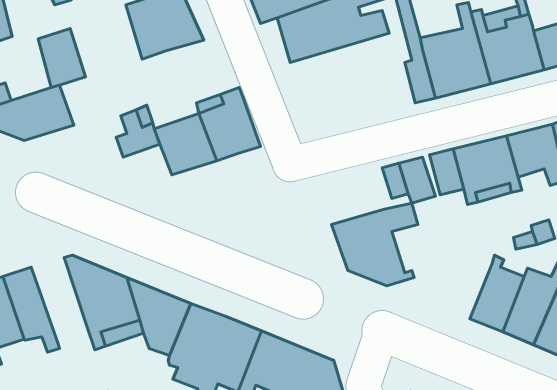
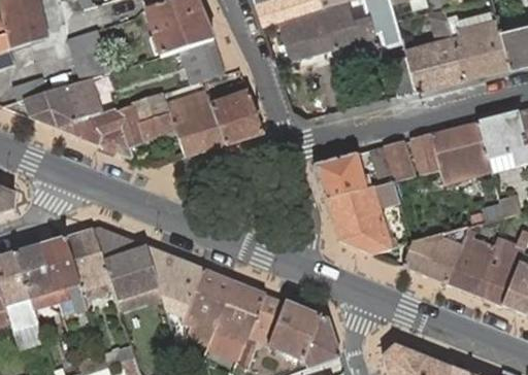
building: none -> [182,39,225,82]
building: none -> [58,108,144,157]
building: none -> [314,154,365,200]
building: none -> [64,229,112,304]
building: none -> [403,232,466,282]

